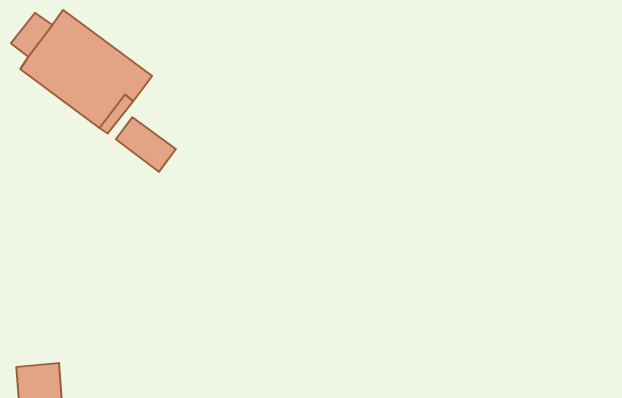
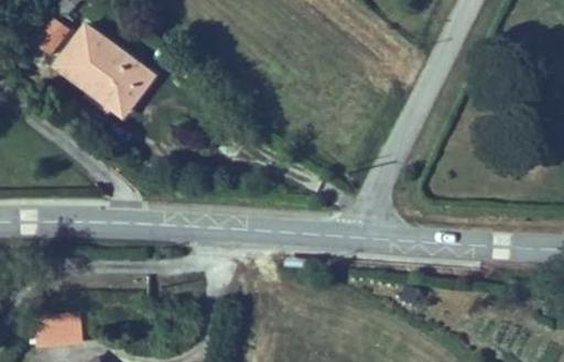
building: [116,117,176,172] -> none

